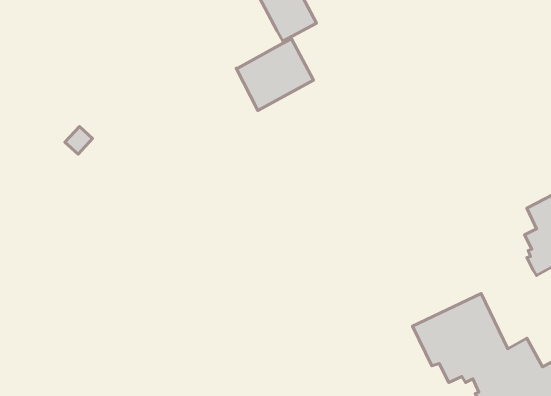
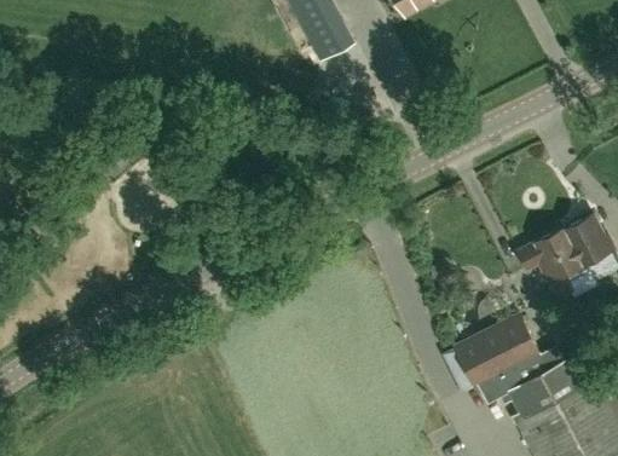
building: [236,39,314,111] -> none
building: none -> [518,227,576,298]

